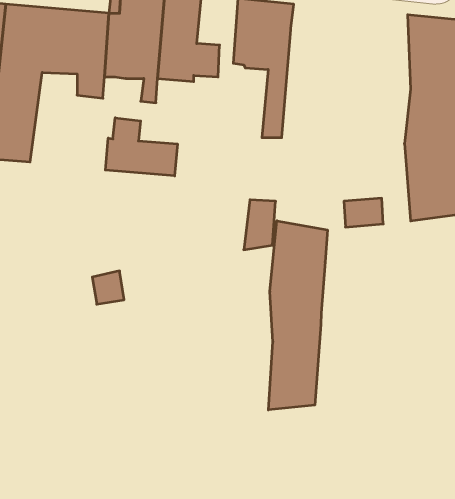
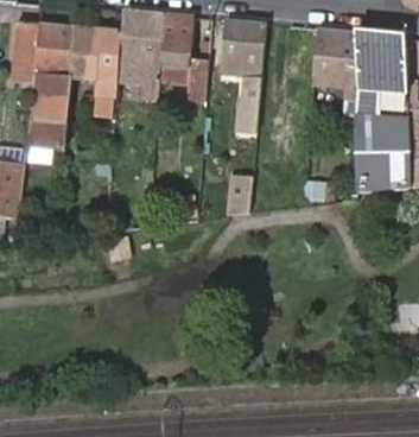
building: none -> [313,27,357,89]
building: [105,118,177,176] -> none
building: [268,221,327,410] -> none

